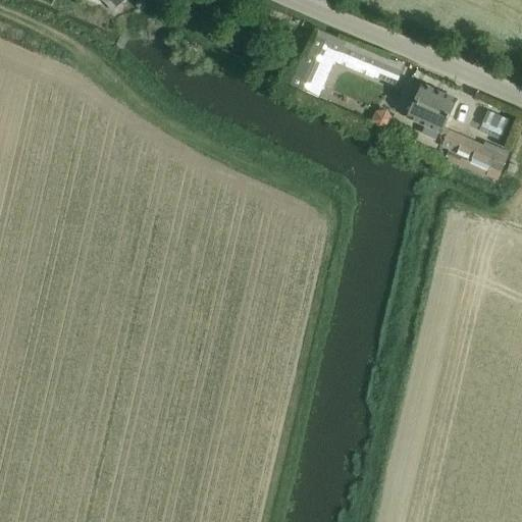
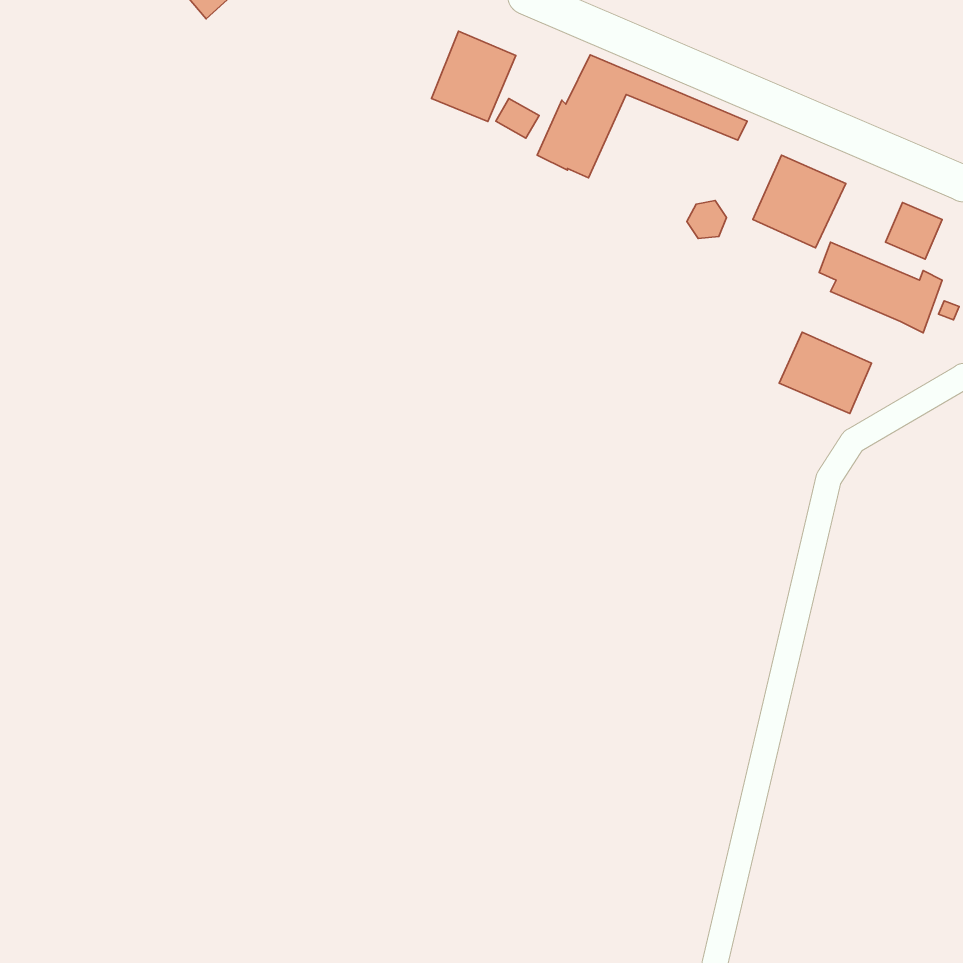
building: none -> [432,31,516,121]
building: none -> [779,332,872,413]

